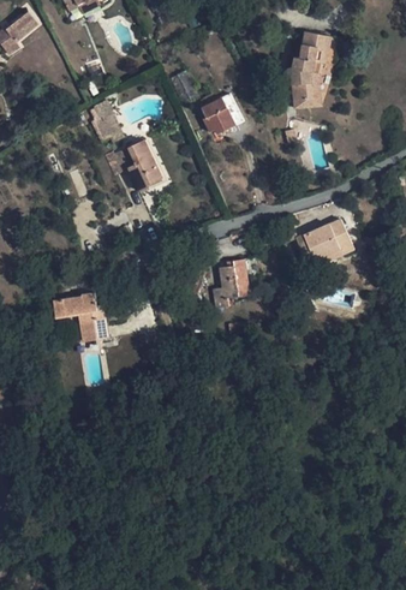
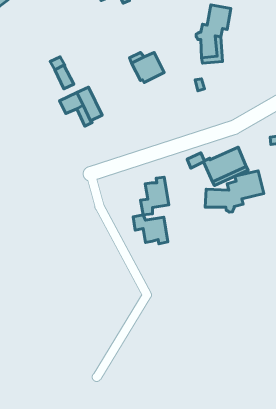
building: none -> [205,171,264,212]
building: [53,292,108,341] -> none
building: none -> [133,215,168,244]

